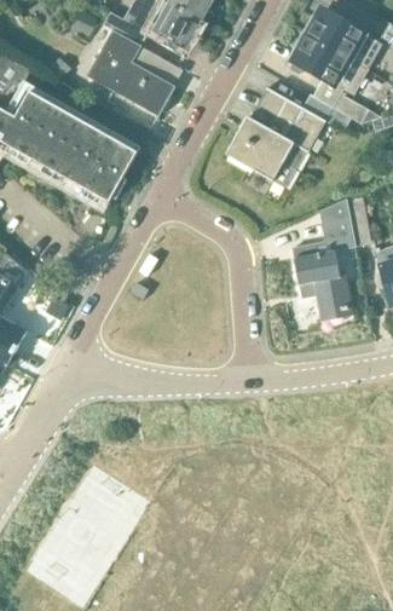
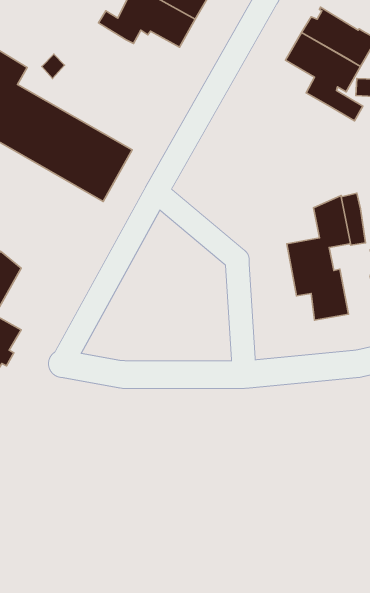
building: [88,30,183,116] -> none
building: [227,87,334,186] -> none

